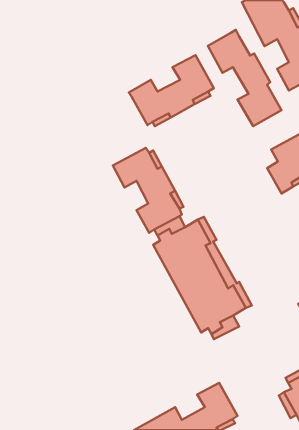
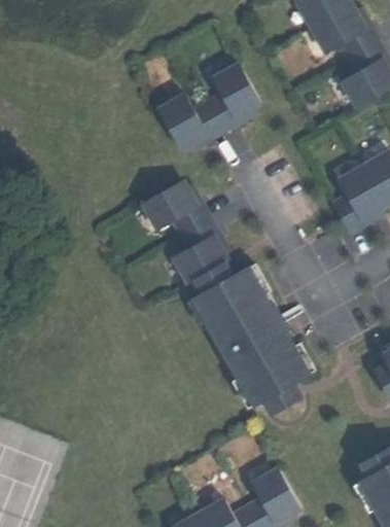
building: [208,30,281,126] -> none

